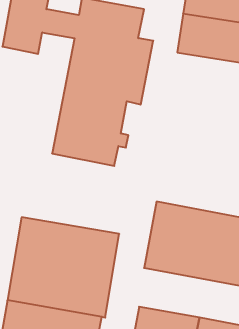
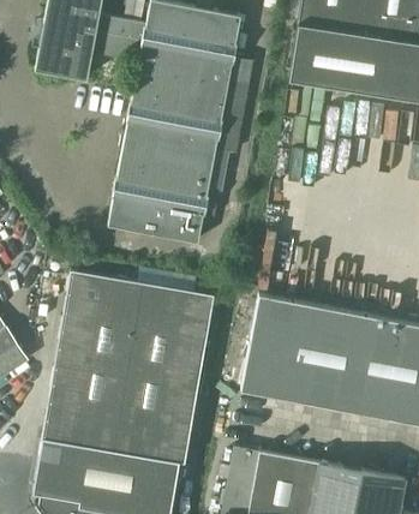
building: none -> [62,270,213,342]

